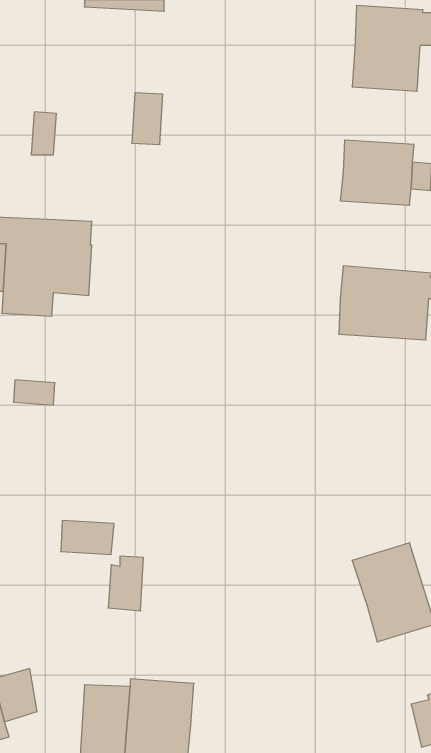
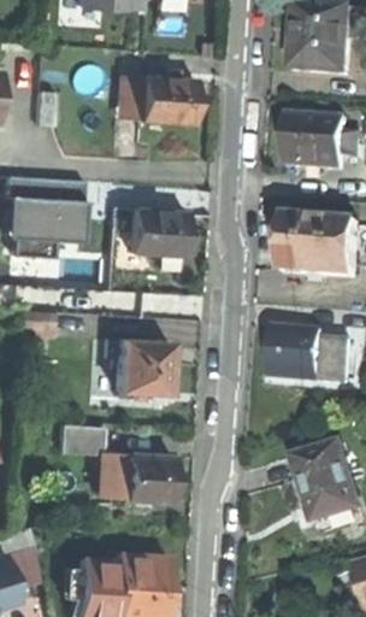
building: none -> [143,75,197,123]
building: none -> [134,208,188,266]
building: none -> [276,329,354,382]
building: none -> [107,337,171,392]
building: none -> [128,454,176,500]

